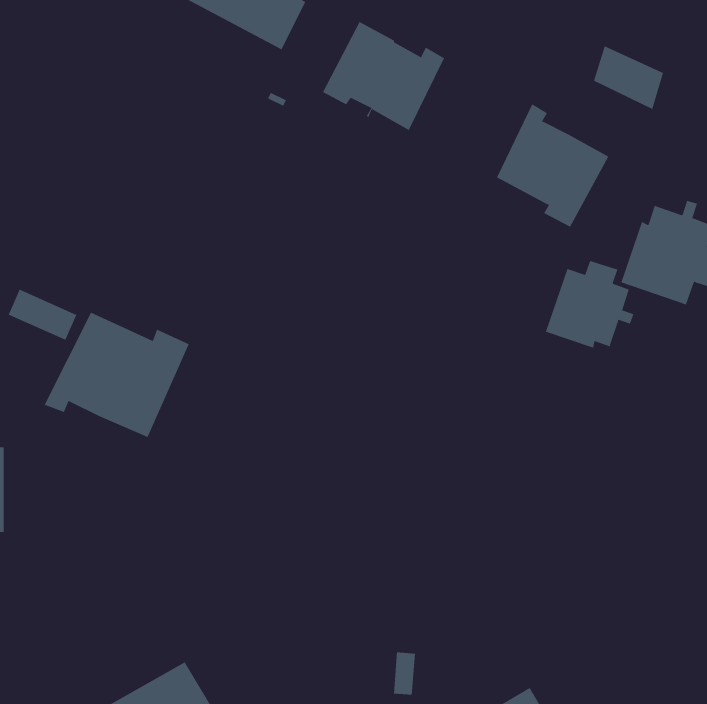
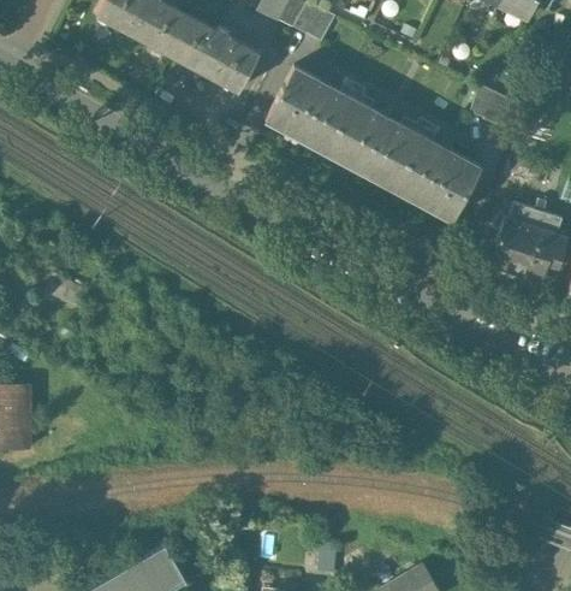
building: none -> [332,95,423,184]
building: [545,260,634,349] -> none
building: [44,312,189,438] -> none

